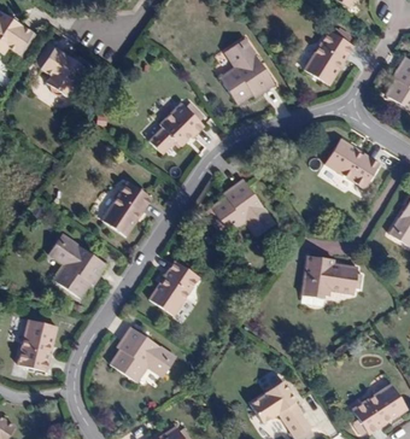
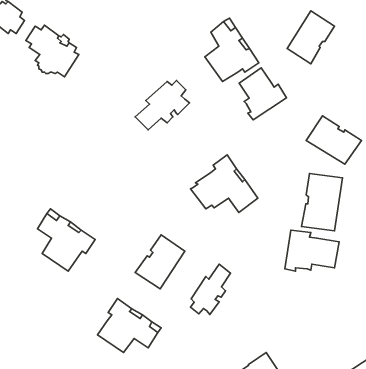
building: none -> [239,68,286,120]
building: [101,181,151,236] -> none
building: none -> [302,174,343,231]
building: none -> [191,264,231,314]
building: [17,315,57,371] -> none

